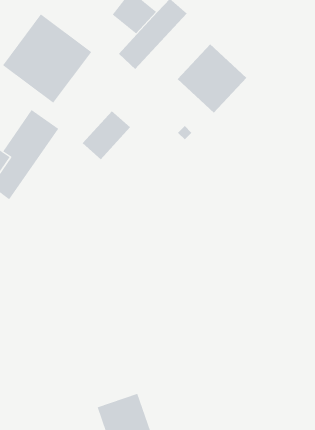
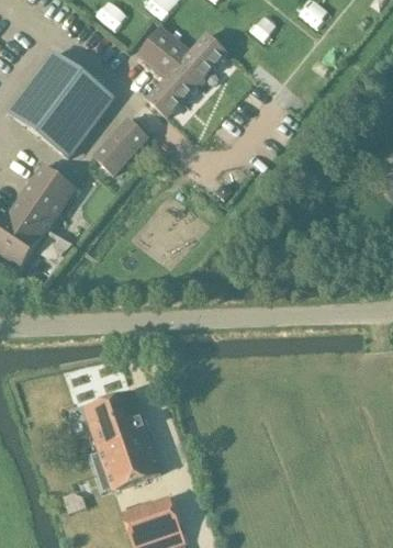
building: [177,44,247,114] -> none
building: [82,110,131,160] -> [91,118,148,176]
building: none -> [83,391,159,489]

